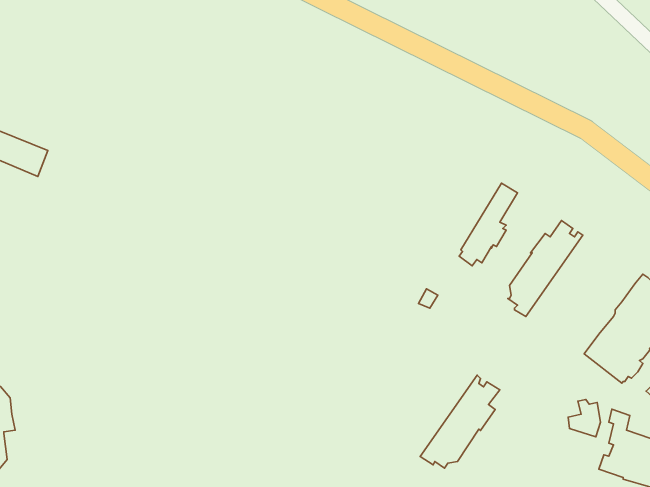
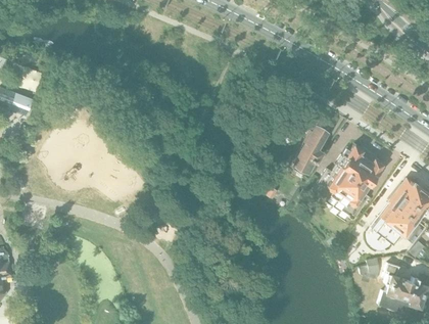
building: [420,375,500,468] -> [334,153,384,212]

